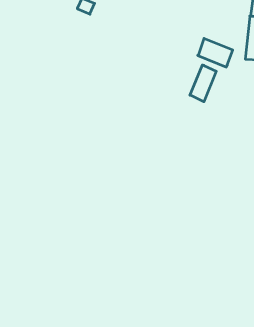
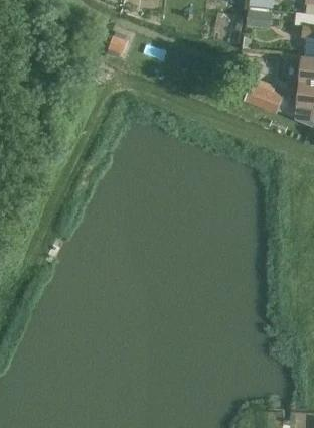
building: [190,65,216,102] -> none

